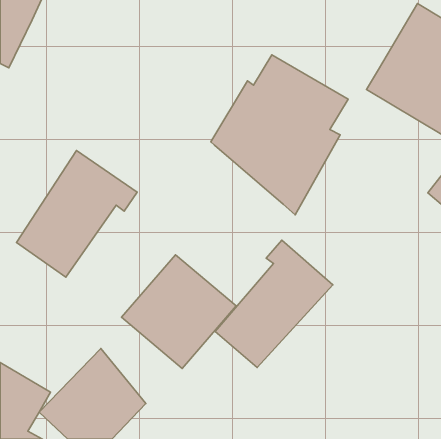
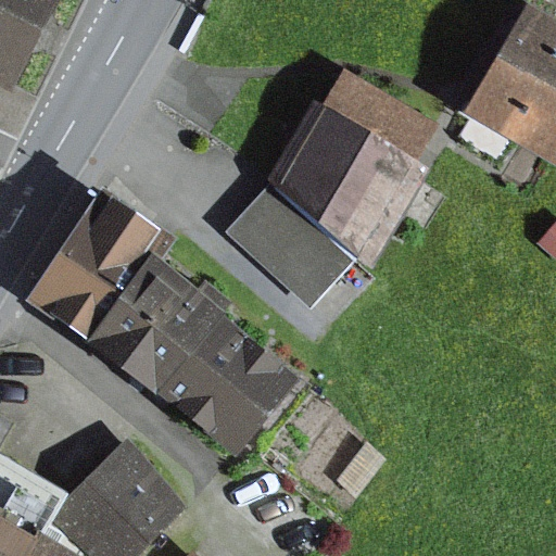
building: none -> [226,181,357,307]
building: none -> [86,256,231,399]
building: [215,240,333,368] -> none

